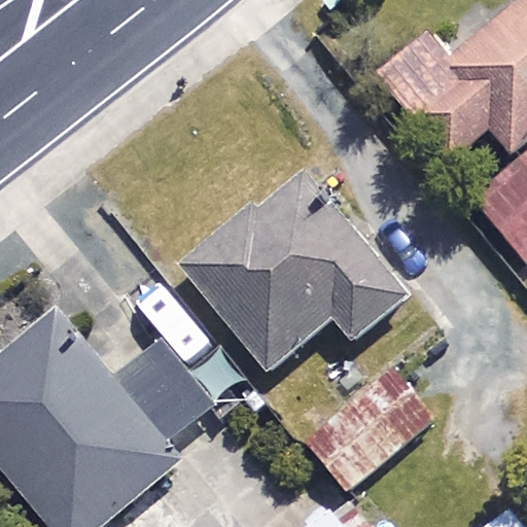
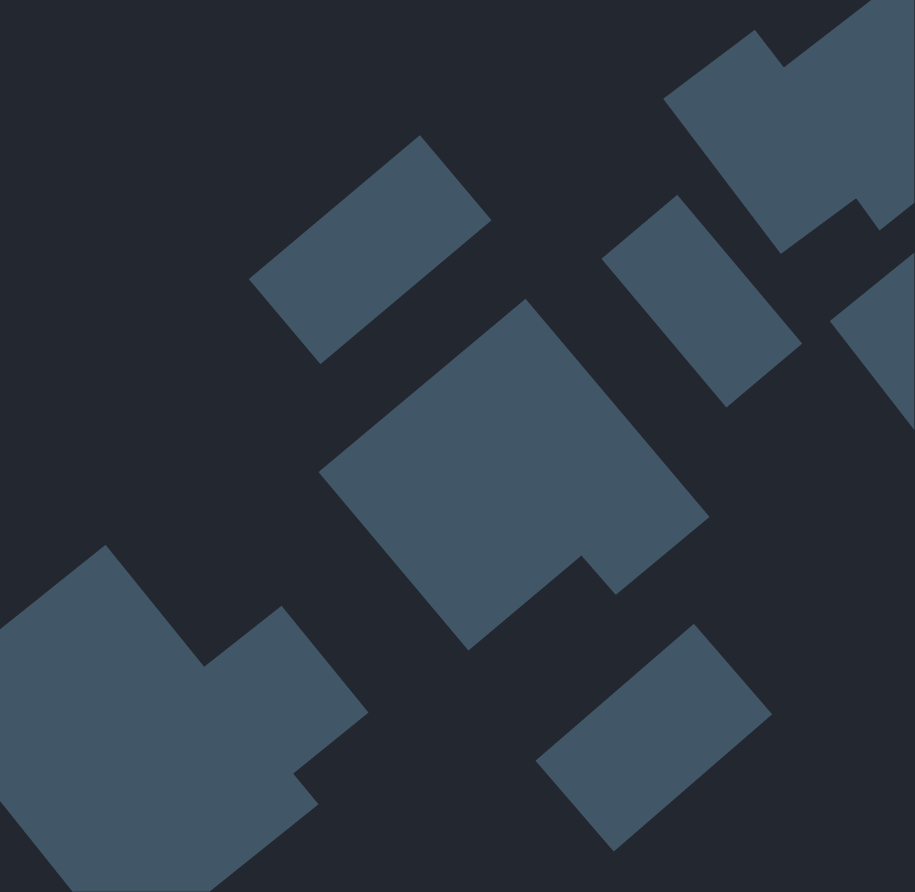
building: none -> [248,134,492,365]
building: none -> [600,194,803,409]

